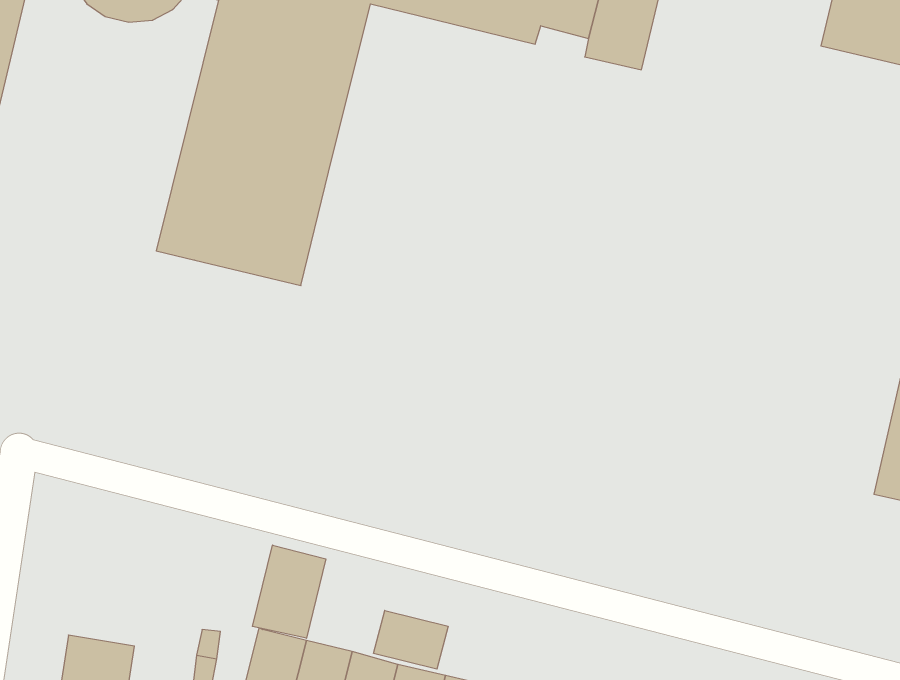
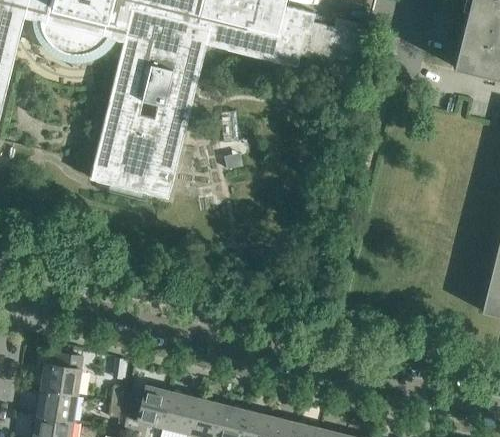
building: [252,545,326,638] -> none
building: none -> [42,352,83,394]
building: [374,610,448,669] -> none

